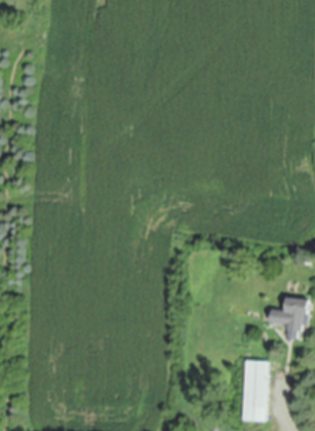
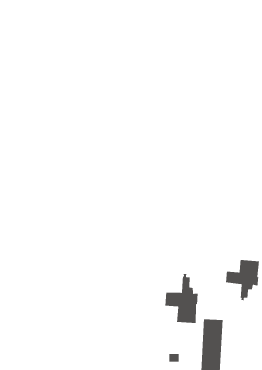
building: none -> [165,273,198,324]

